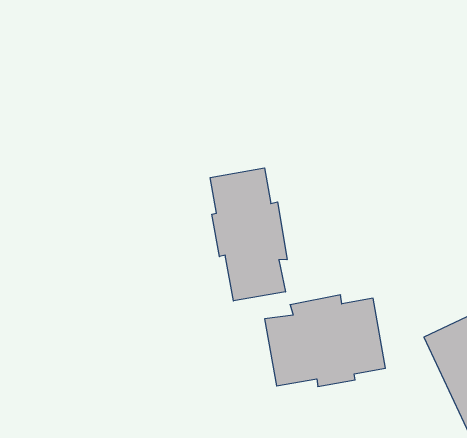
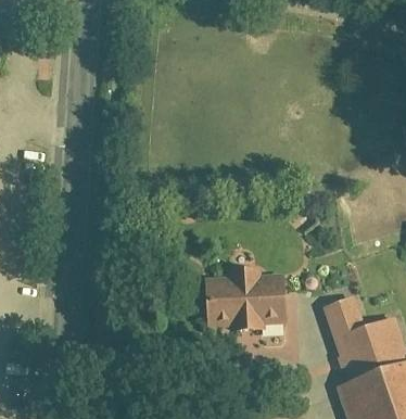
building: [210,168,287,301] -> none

